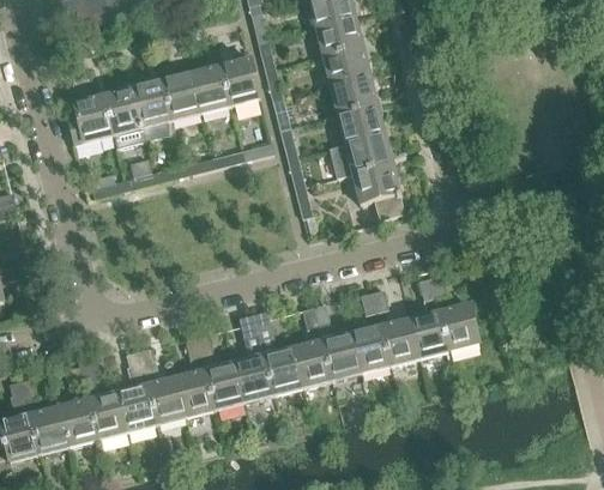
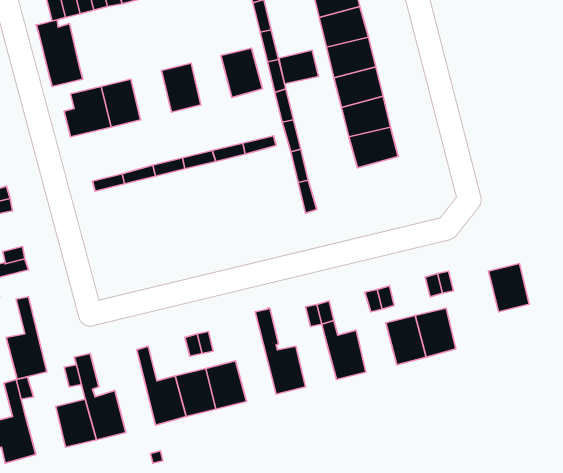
building: none -> [279,50,318,84]
building: [191,65,230,113] -> none
building: [129,75,175,140] -> [36,20,83,86]
building: [352,163,405,219] -> none
building: [439,303,478,350] -> [489,264,529,312]
building: [234,314,273,401] -> none
building: [351,325,391,373] -> none
building: [292,340,332,387] -> none
building: [116,351,156,431] -> [6,297,47,379]
building: [29,406,68,453] -> none

